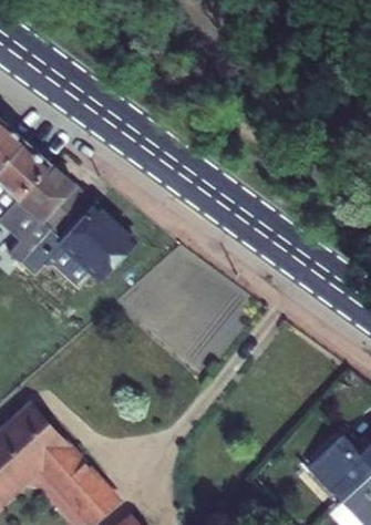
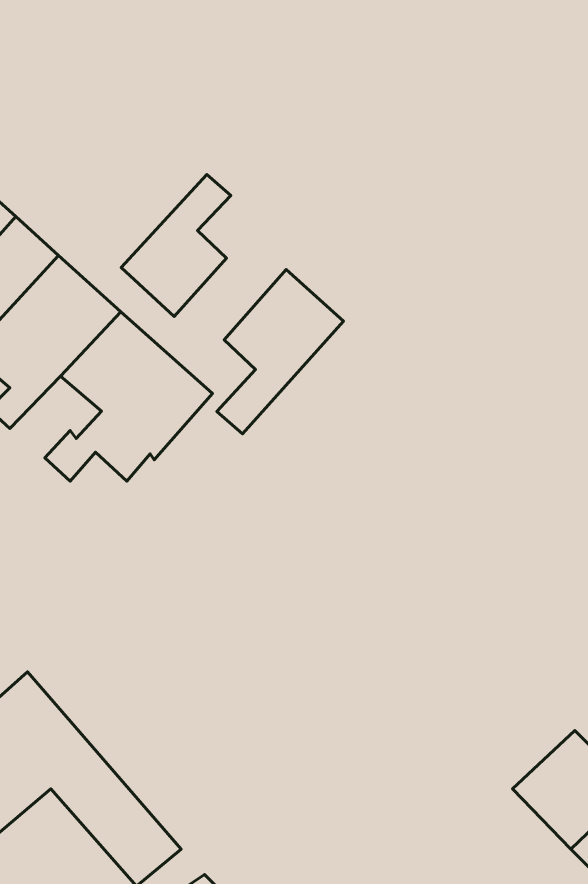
building: none -> [121,174,231,317]
building: none -> [217,269,343,434]

